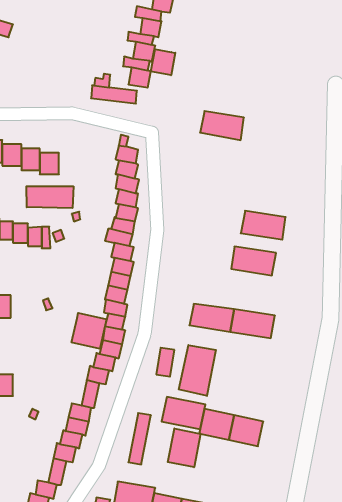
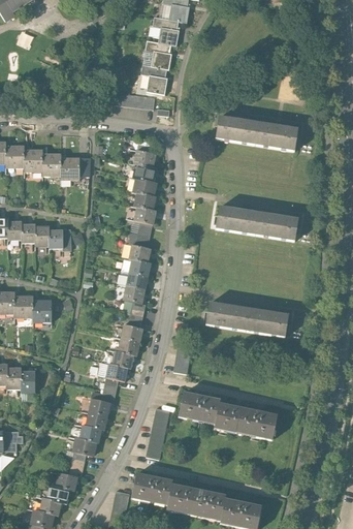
building: [151,49,175,75] -> none
building: none -> [255,123,297,151]
building: [26,186,73,208] -> none
building: [231,247,276,275] -> [216,207,259,235]
building: none -> [33,299,52,320]
building: [72,313,106,349] -> none
building: [179,345,216,396] -> none
building: [168,428,201,467] -> none

